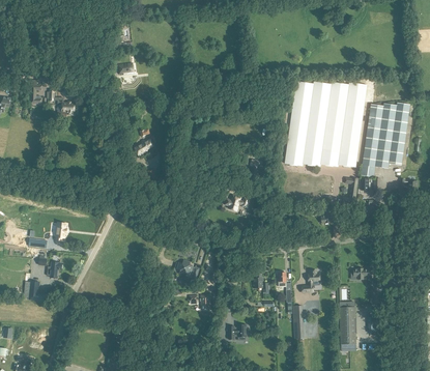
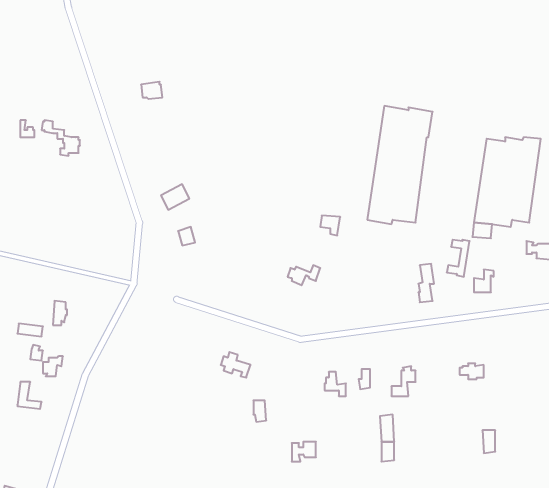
building: [319,82,367,165] -> none
building: [340,306,356,344] -> none

